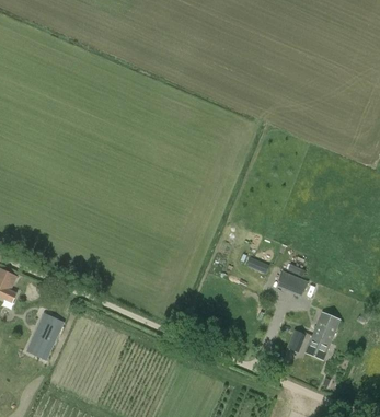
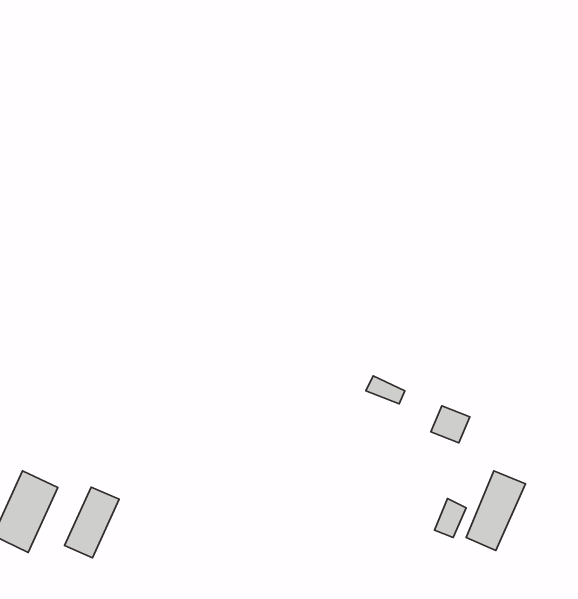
building: none -> [65,487,119,558]

